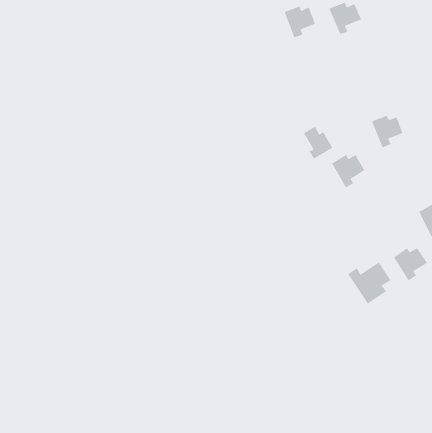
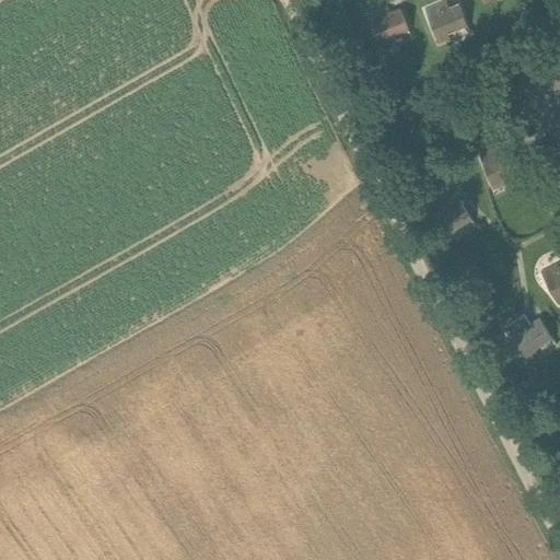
building: [303,126,333,160] -> none
building: [348,262,391,304] -> none

